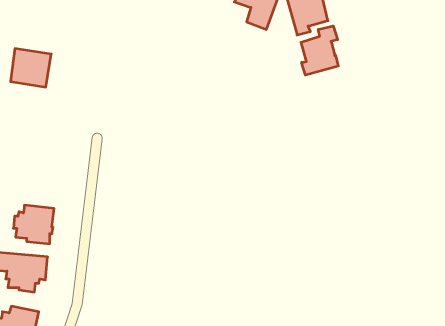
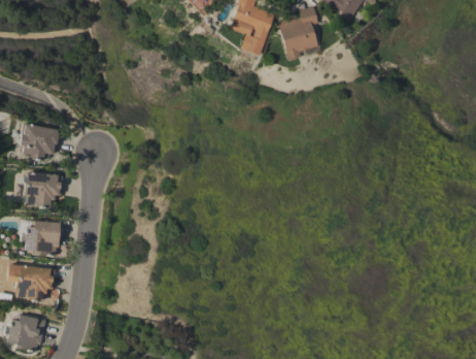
building: [301,26,338,75] -> none
building: [11,49,51,87] -> [20,124,58,160]
building: none -> [22,173,63,207]

